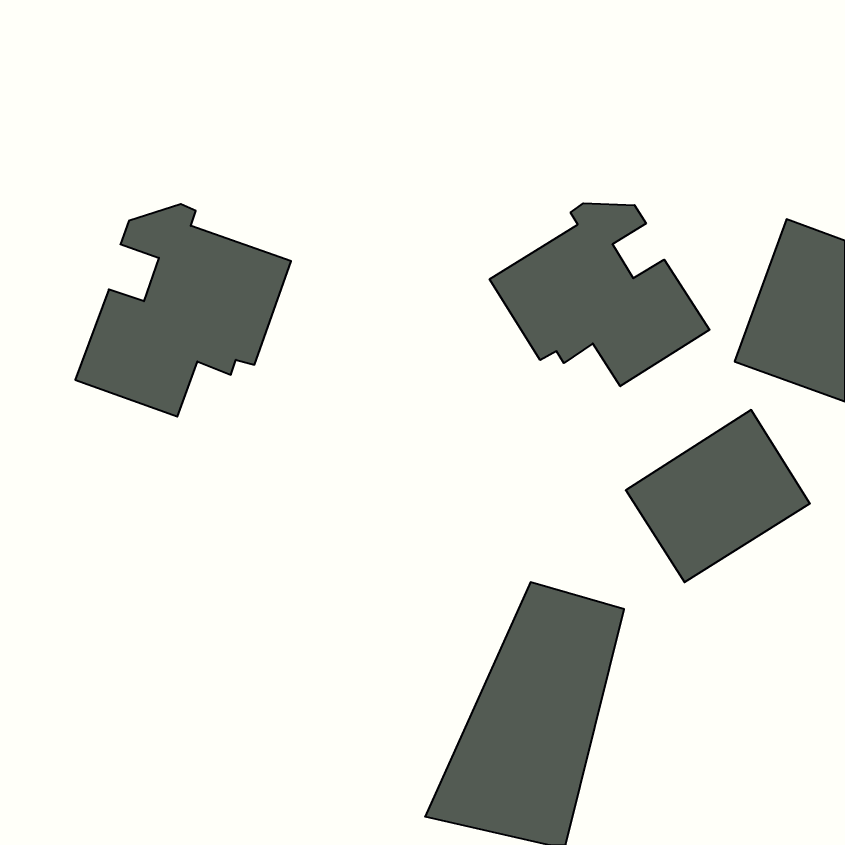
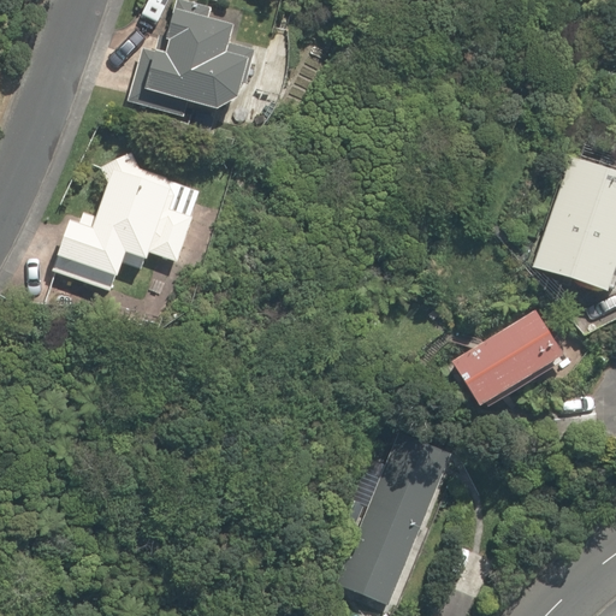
building: none -> [125,7,272,131]
building: [490,203,710,386] -> none

